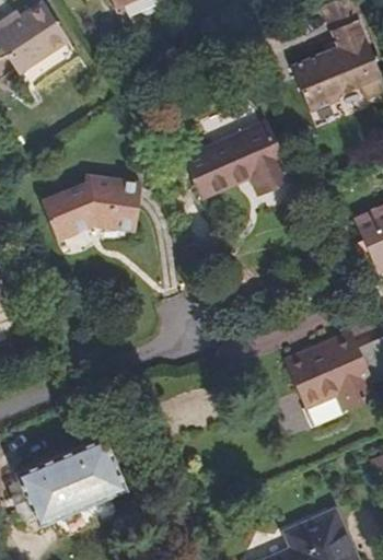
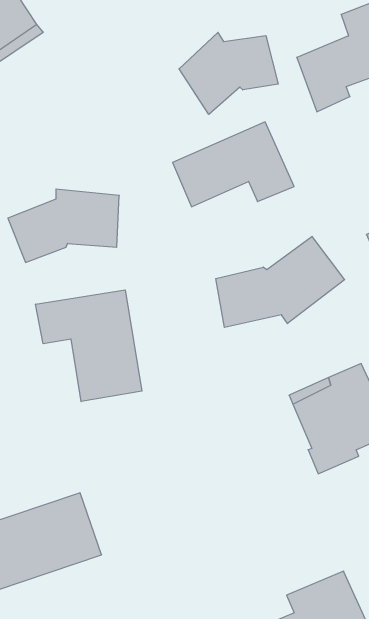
building: none -> [179,32,278,114]
building: none -> [216,236,345,327]
building: none -> [36,290,142,402]

